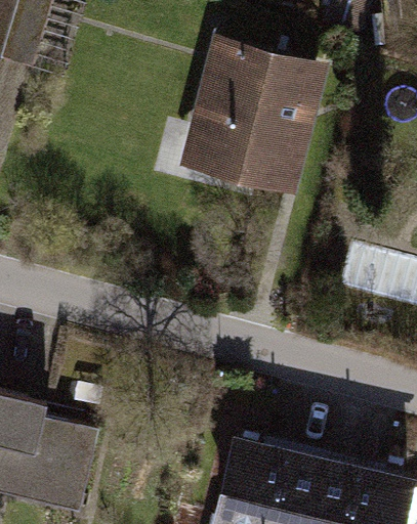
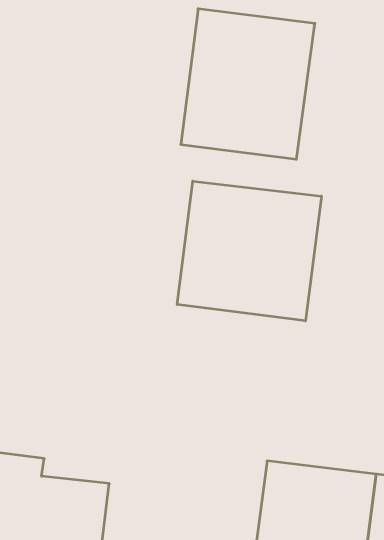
building: none -> [177,181,321,321]

